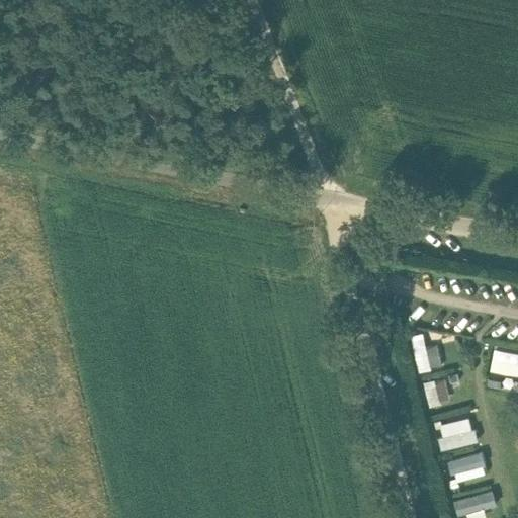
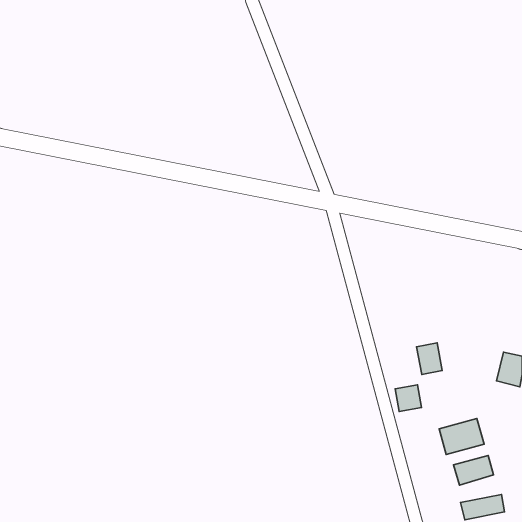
building: [424,379,450,406] -> [395,385,422,411]

